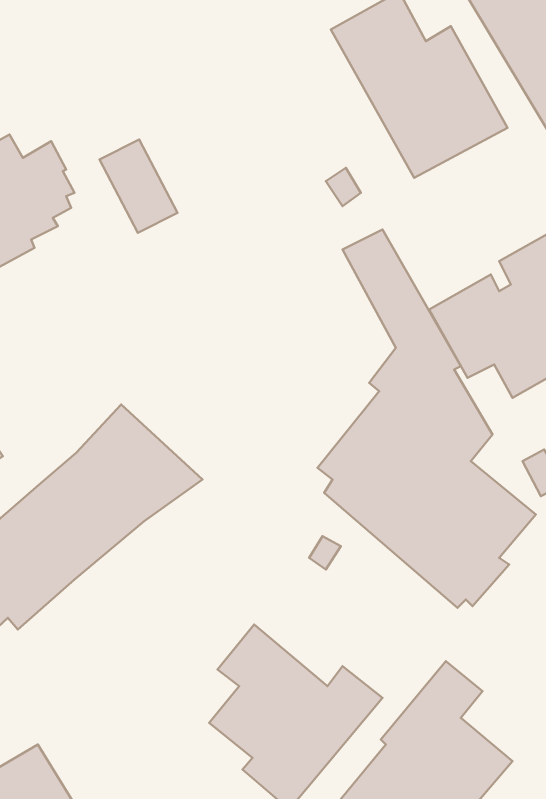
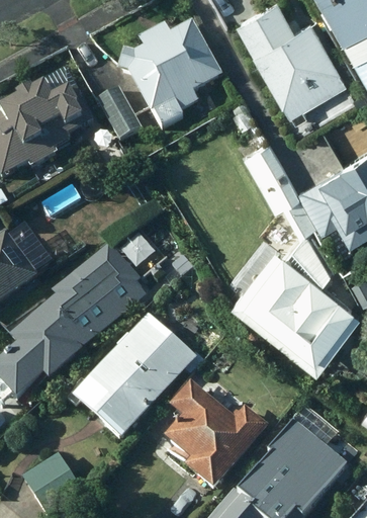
building: none -> [116,19,220,127]
building: none -> [71,312,196,441]

